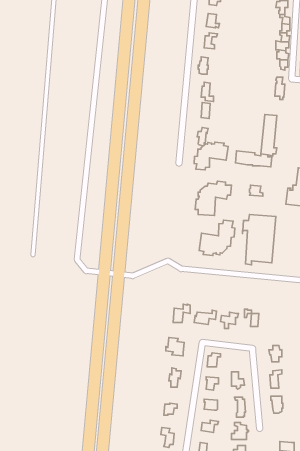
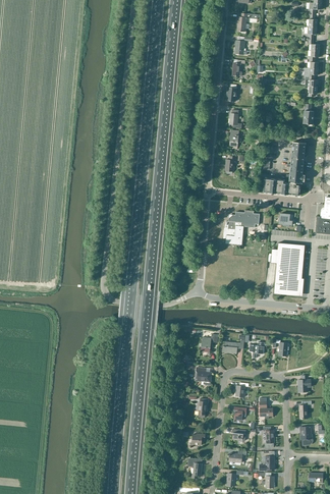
building: [194,142,228,170] -> none
building: [199,220,235,256] -> none

